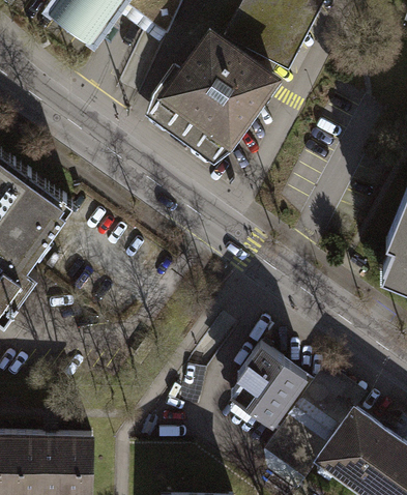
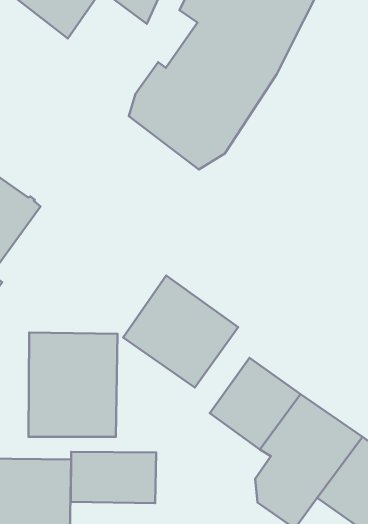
building: none -> [123,276,238,388]
building: none -> [29,332,118,437]
building: none -> [71,452,156,503]

